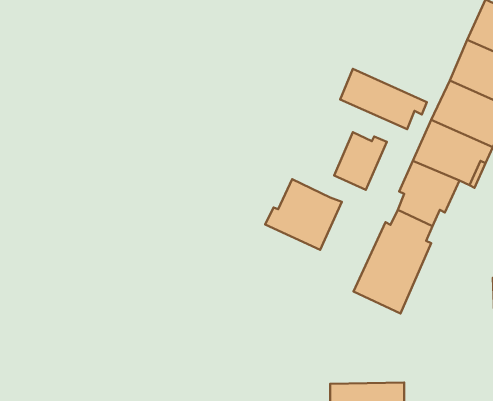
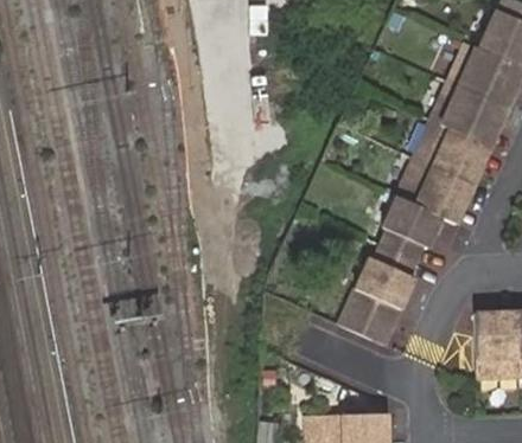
building: [340,69,427,129] -> none
building: [334,132,387,190] -> none
building: [265,179,342,250] -> none

